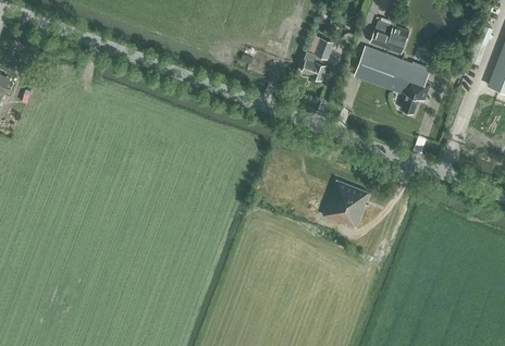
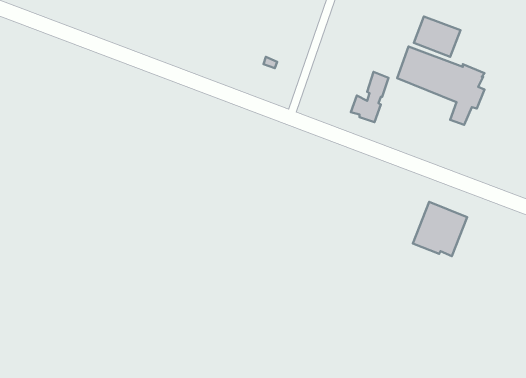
building: [301,38,334,82] -> [351,72,389,122]
building: [323,181,370,227] -> [413,202,467,256]

